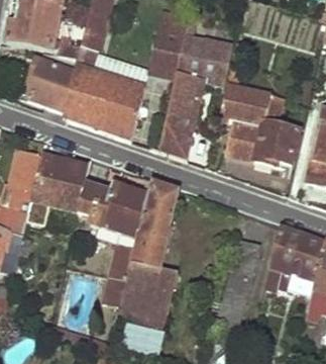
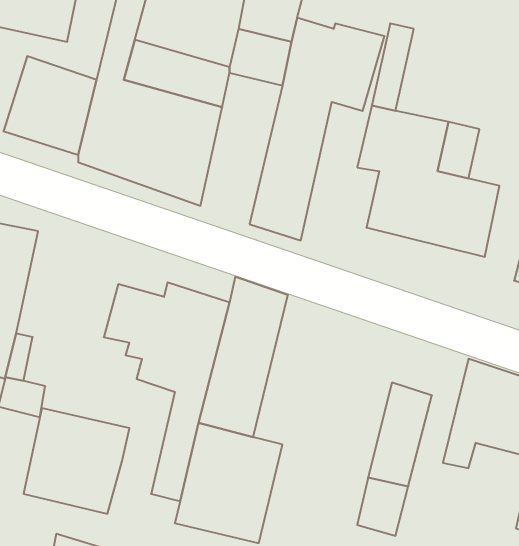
building: [32,154,91,212] -> [24,408,129,514]

